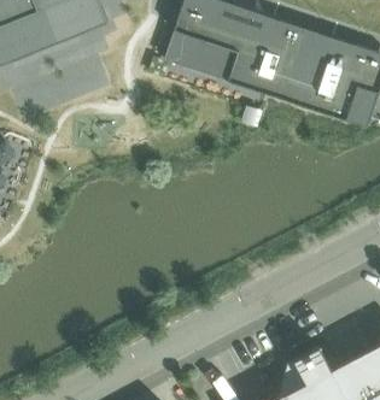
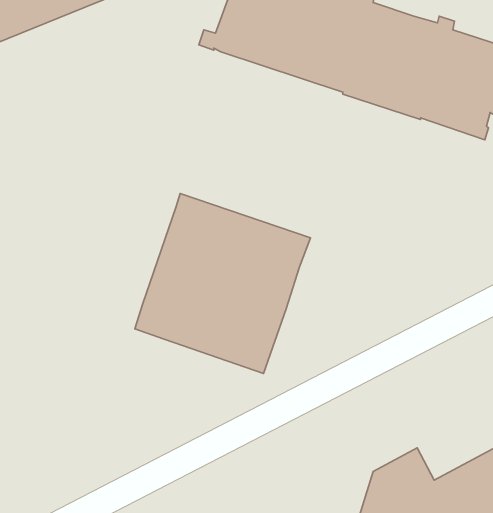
building: none -> [135,193,311,374]

